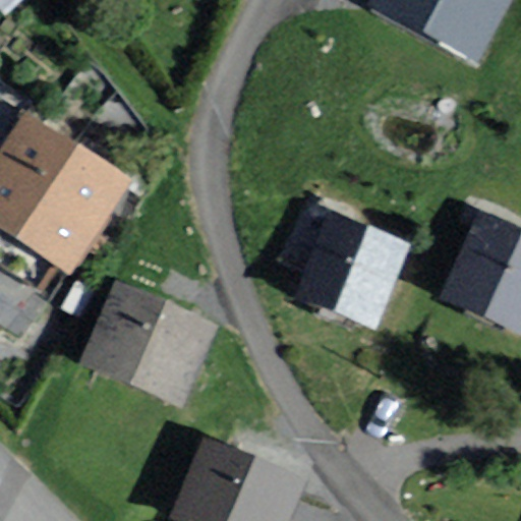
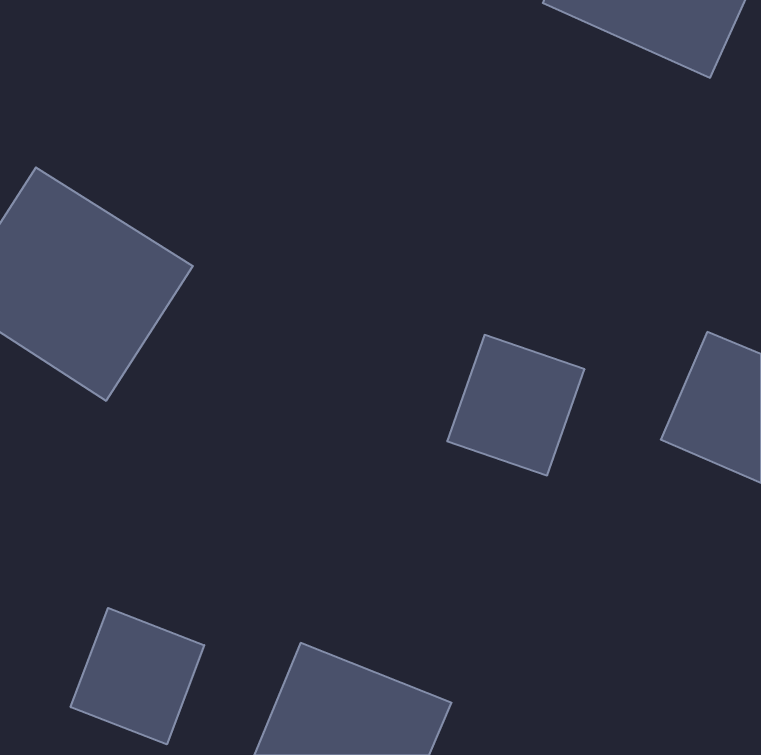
building: [84,283,215,403] -> none
building: none -> [71,608,204,744]

